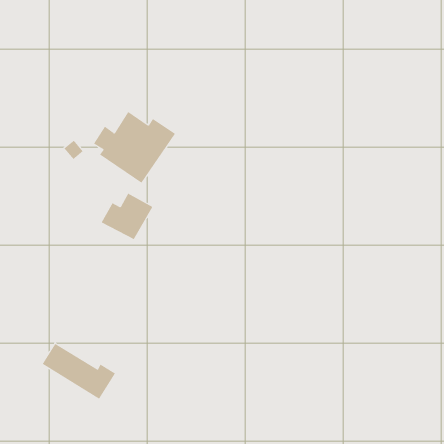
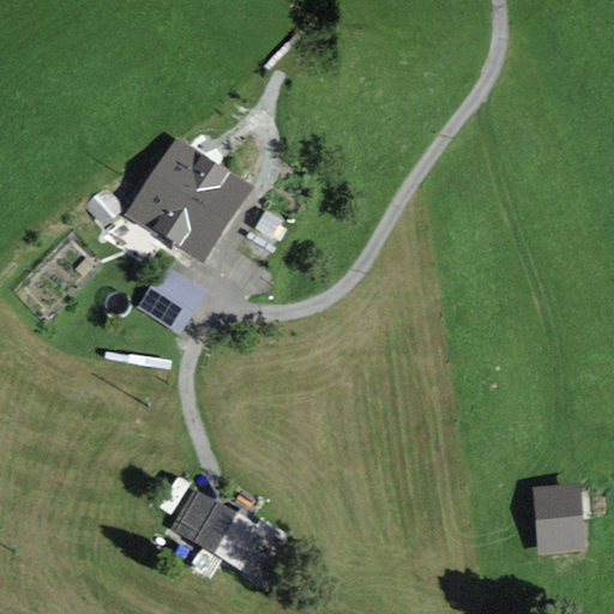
building: [42,343,116,399] -> [177,500,279,578]
building: none -> [537,494,576,549]

